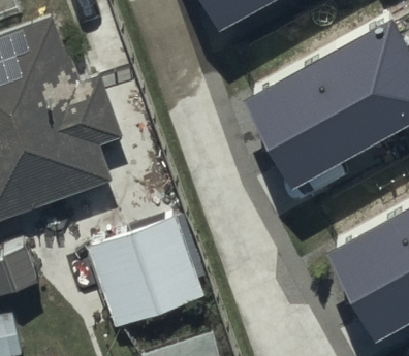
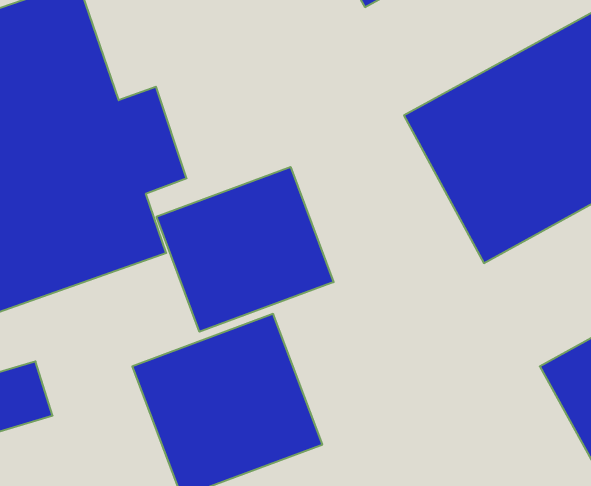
building: none -> [157,167,334,332]

